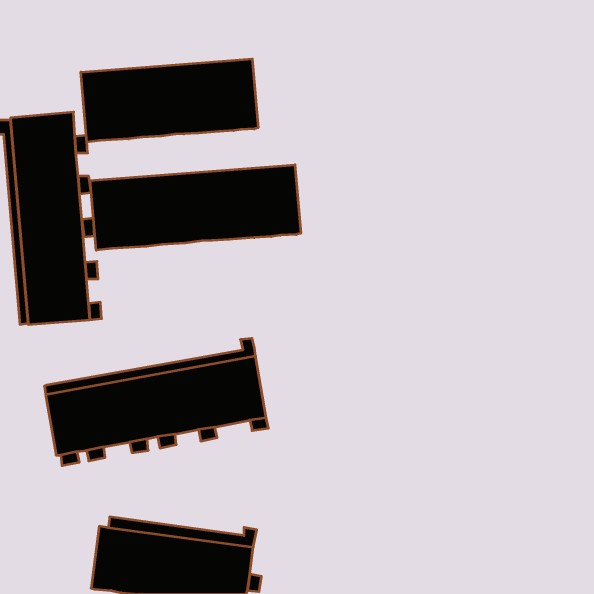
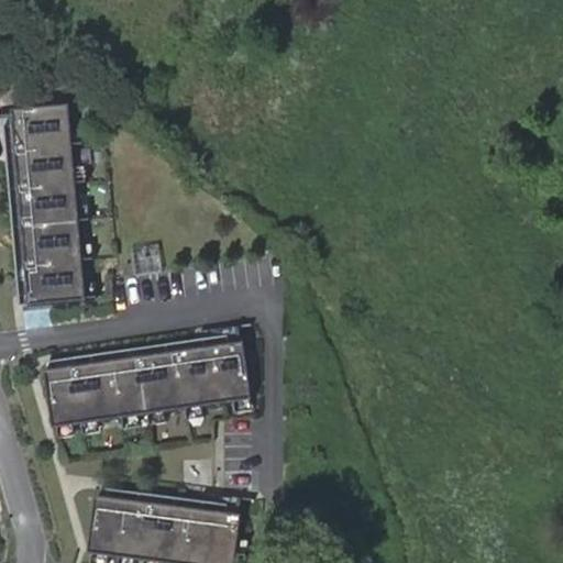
building: [81,59,258,142] -> none
building: [90,165,301,250] -> none

